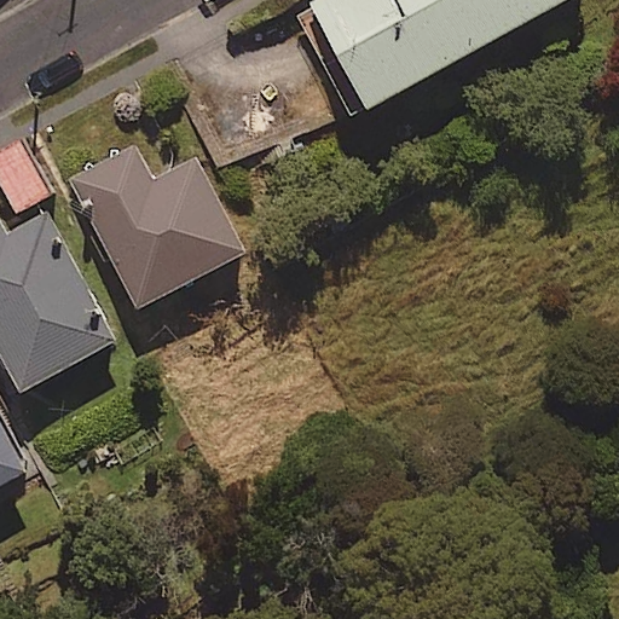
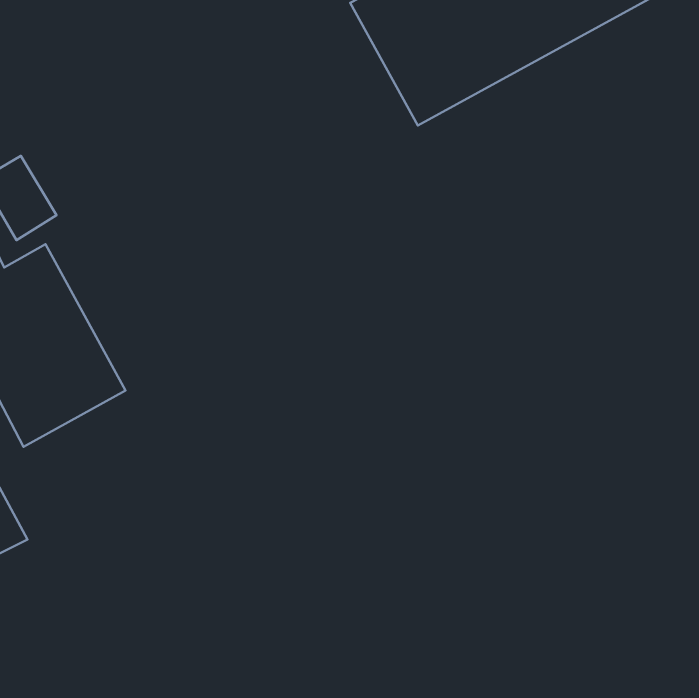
building: [73,145,242,306] -> none

